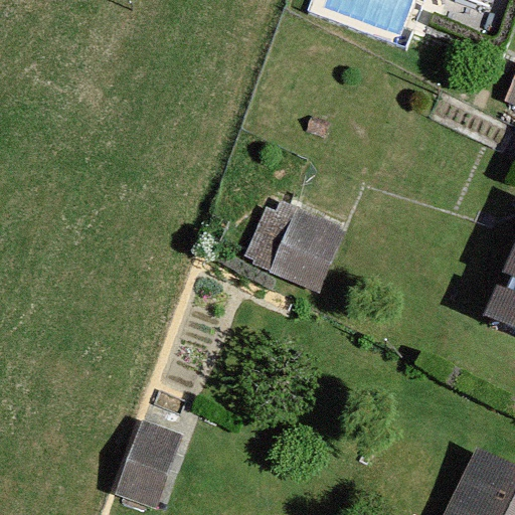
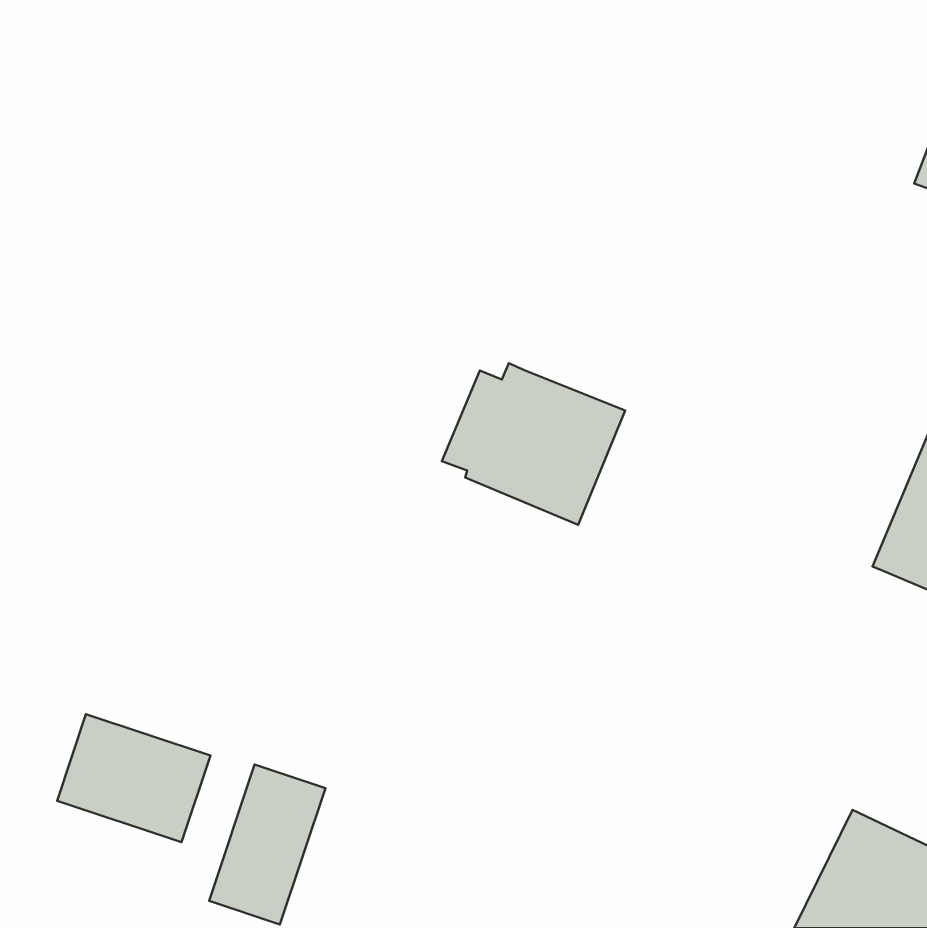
building: none -> [57,714,210,842]

